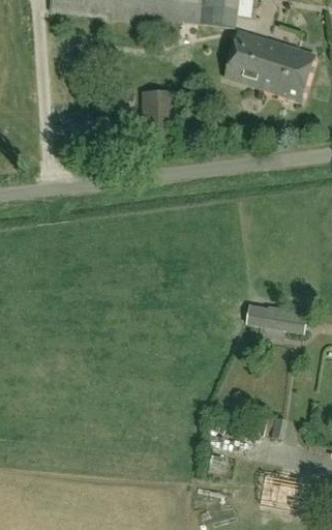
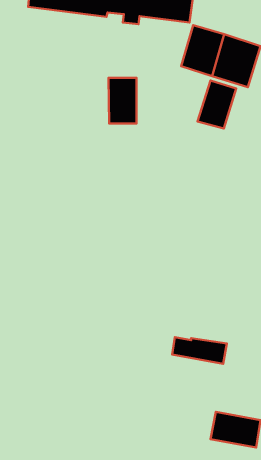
building: none -> [198,81,236,129]
building: [245,302,307,332] -> [172,337,227,364]

